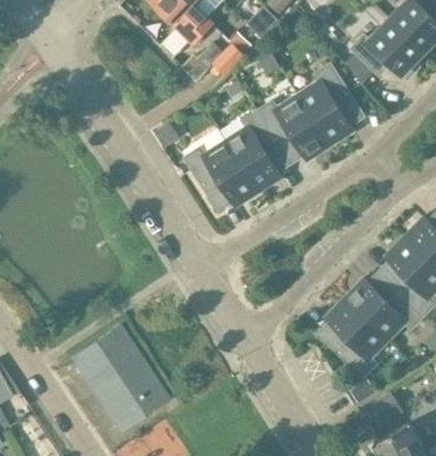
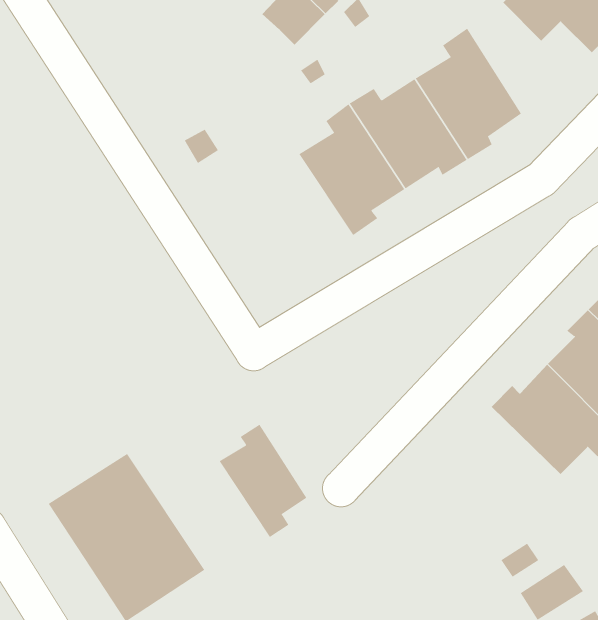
building: [185,140,259,209] -> none
building: [318,296,388,377] -> none
building: none -> [219,424,307,538]

